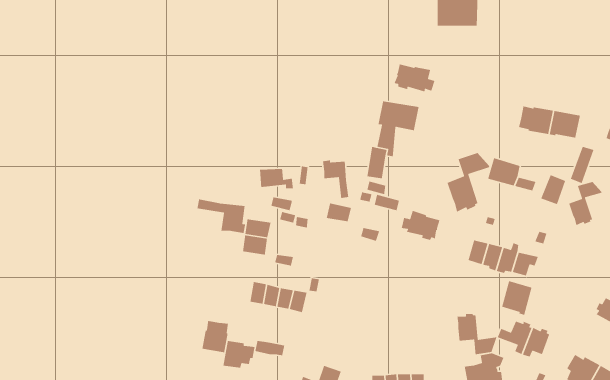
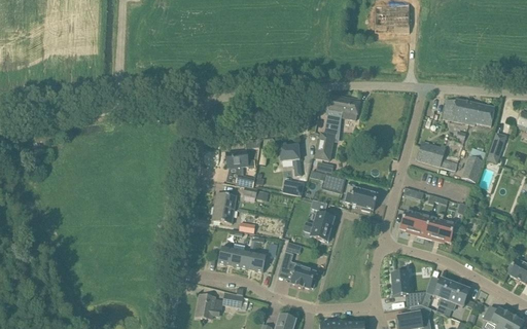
building: [394,64,435,92] -> none
building: [447,152,490,213] -> none
building: [568,181,603,226] -> none
building: [196,198,246,234] -> none
building: none -> [304,213,333,241]
building: [501,280,533,316] -> none
building: none -> [281,251,316,288]
building: [201,320,229,353] -> none

